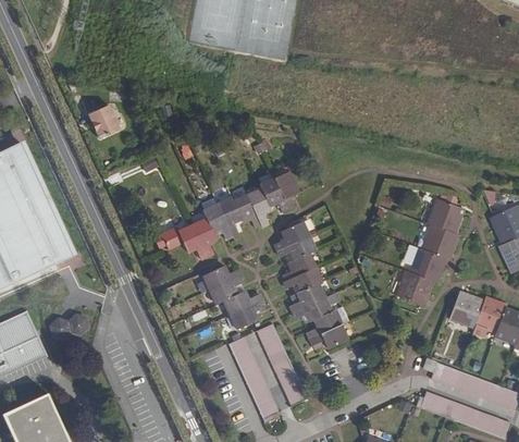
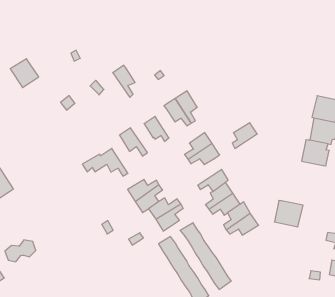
building: [247,187,270,225] -> none
building: [217,196,240,234] -> [113,65,135,97]
building: [191,217,215,255] -> none
building: [284,253,314,280] -> [232,123,257,149]
building: [396,270,432,304] -> [274,200,303,227]

